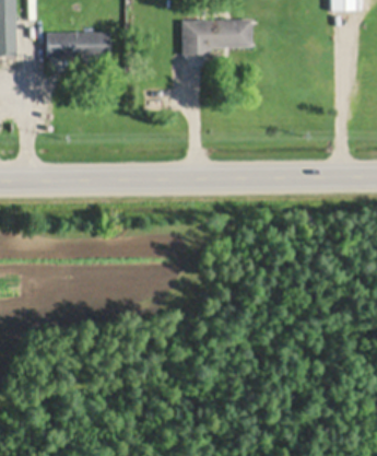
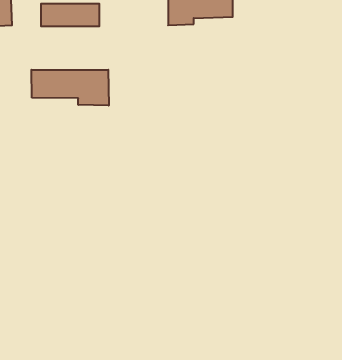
building: none -> [31,70,109,106]

